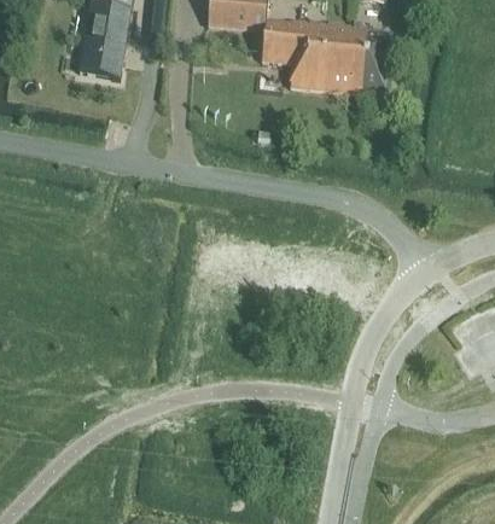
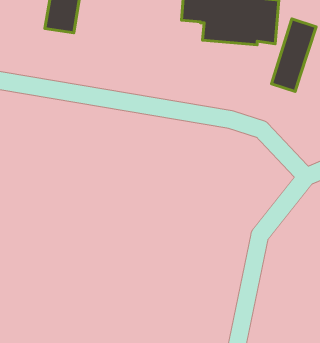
building: none -> [272,19,316,91]

